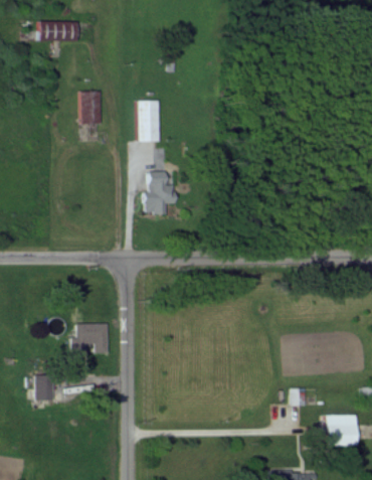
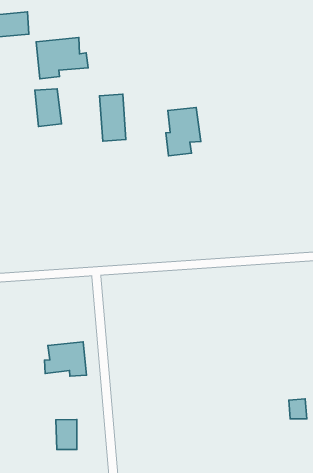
building: none -> [36,38,88,79]
building: [144,172,175,214] -> [166,107,201,156]
building: [34,374,54,403] -> [56,419,77,450]

